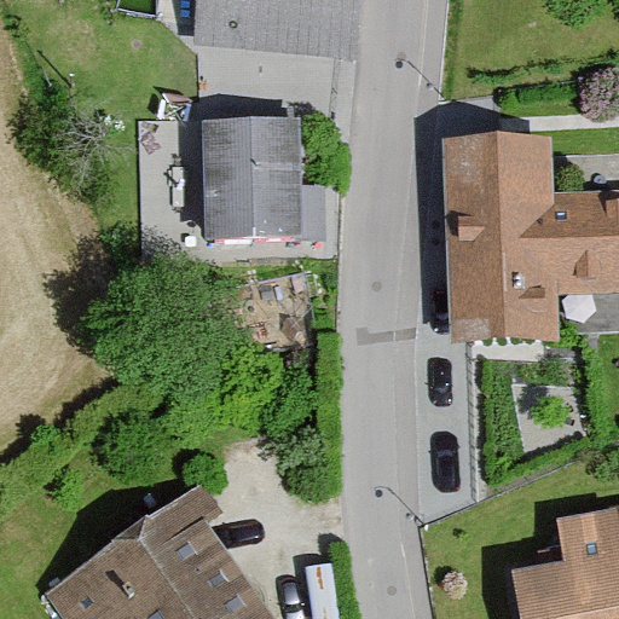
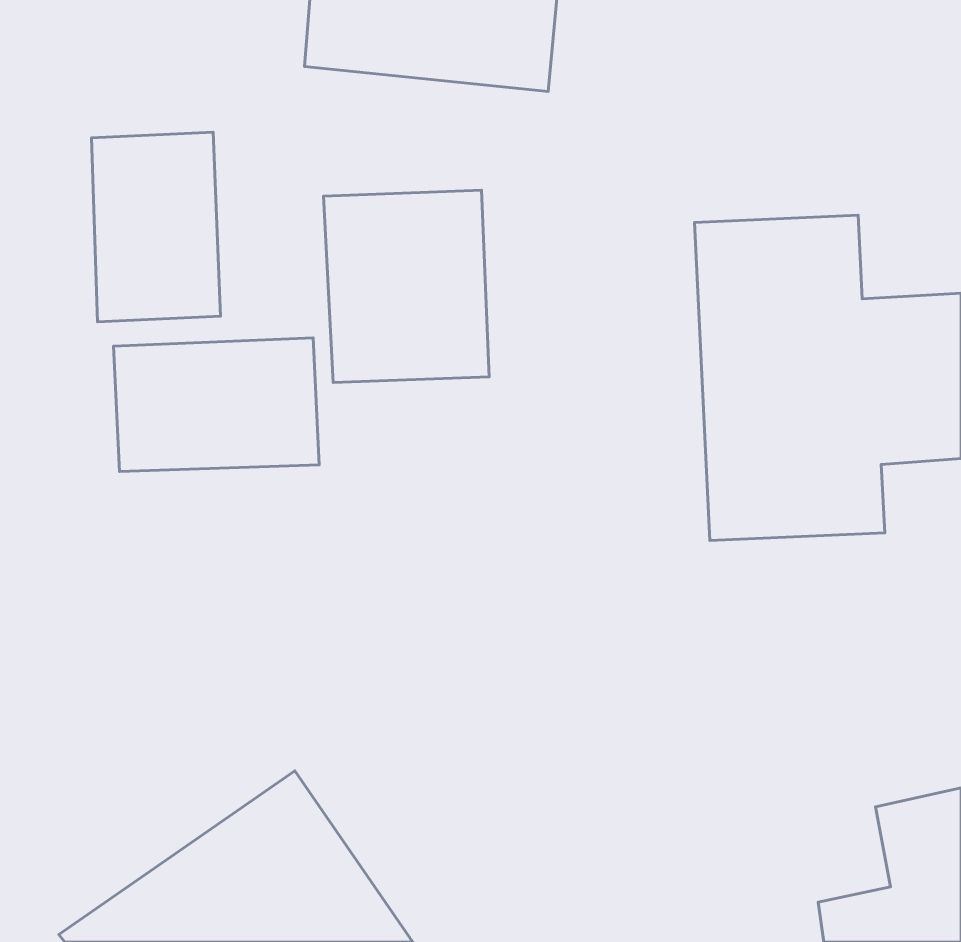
building: none -> [91,132,221,322]
building: none -> [114,338,319,472]

